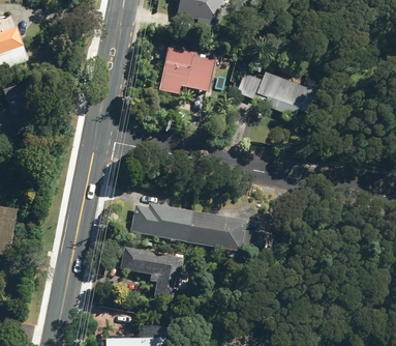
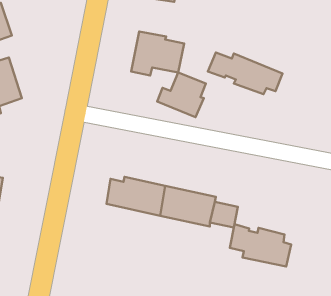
building: none -> [157,72,206,117]
building: [118,246,186,301] -> none
building: none -> [230,224,291,267]

